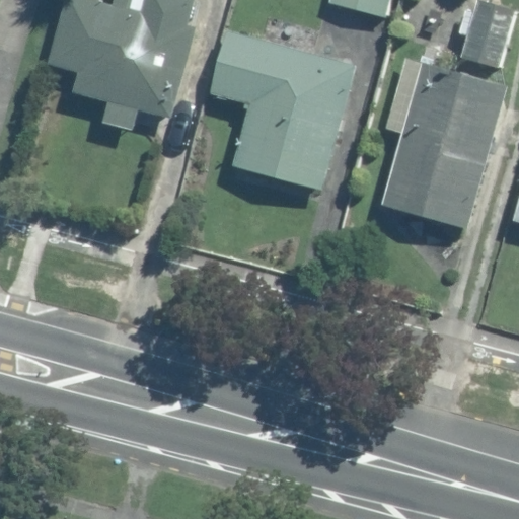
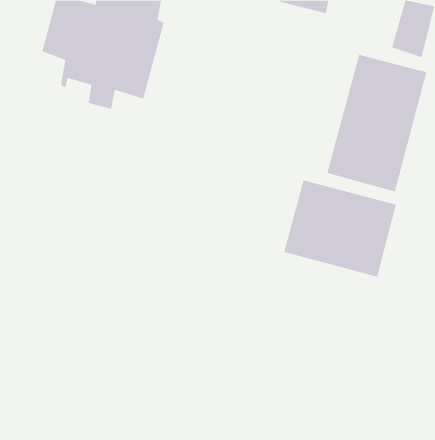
building: [211,32,355,191] -> none
building: none -> [284,180,397,278]

